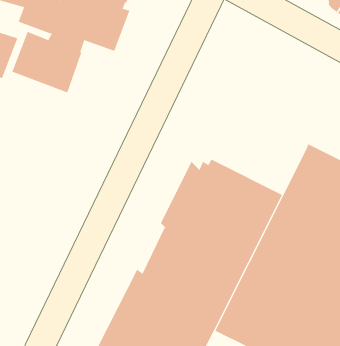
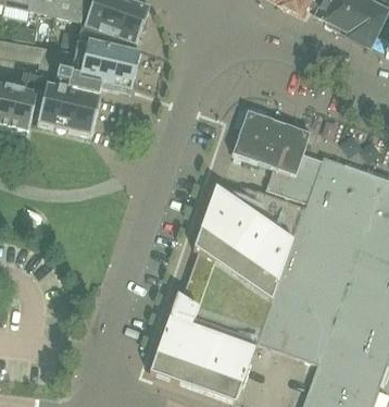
building: none -> [231,104,322,205]

